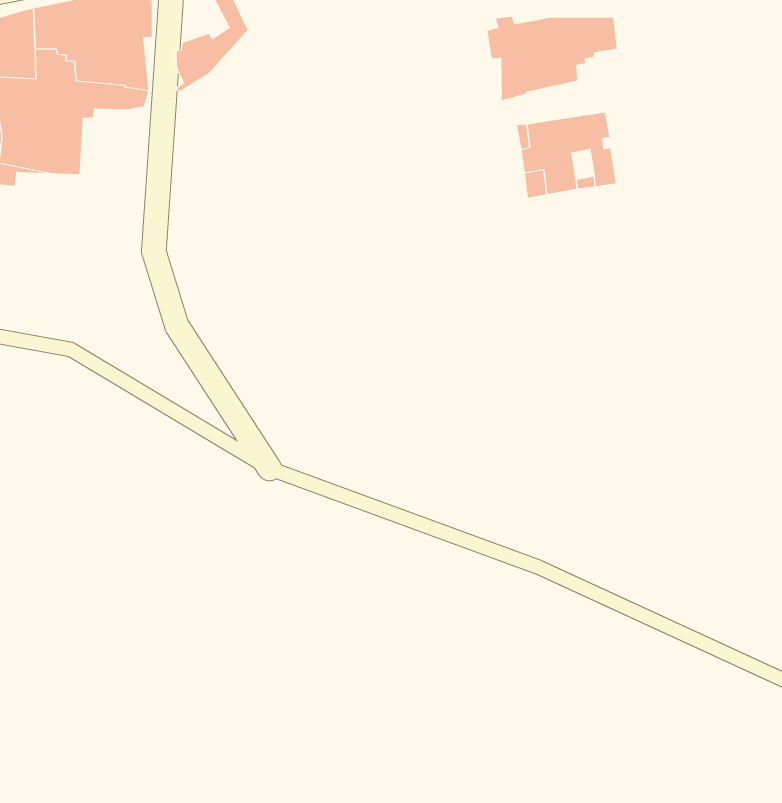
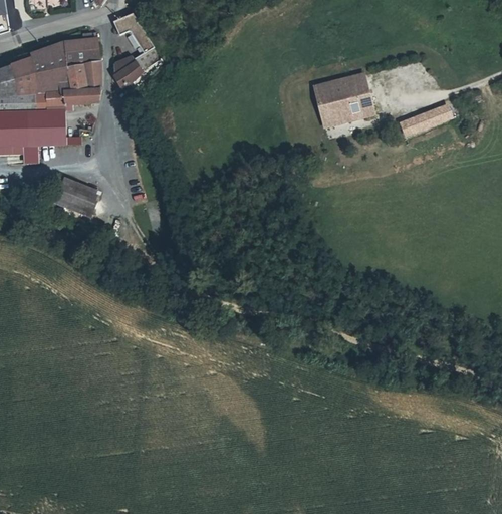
building: [487,16,617,101] -> none
building: none -> [400,102,456,139]
building: none -> [53,175,98,215]

